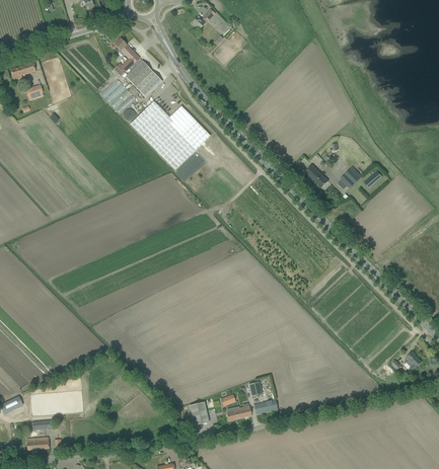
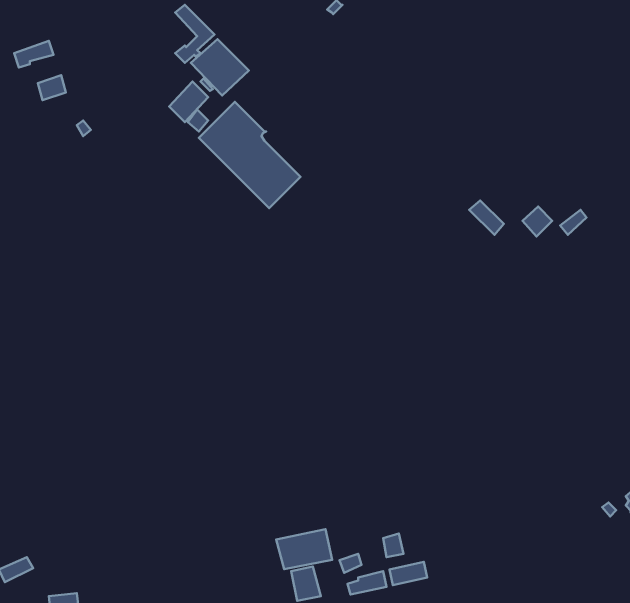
building: [170,109,210,150] -> none
building: none -> [276,529,332,569]

